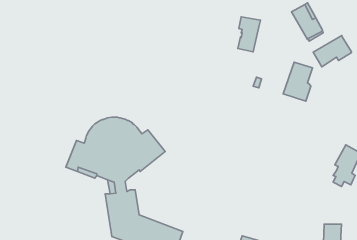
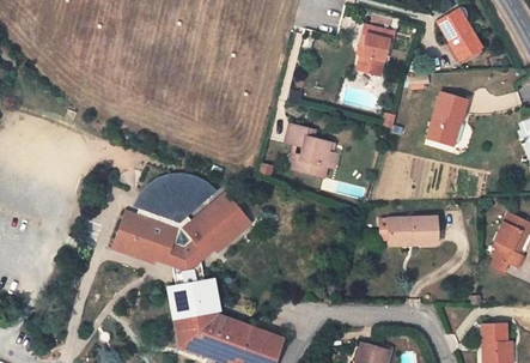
building: [313,36,352,67] -> none
building: none -> [288,128,336,180]
building: none -> [384,217,439,244]

